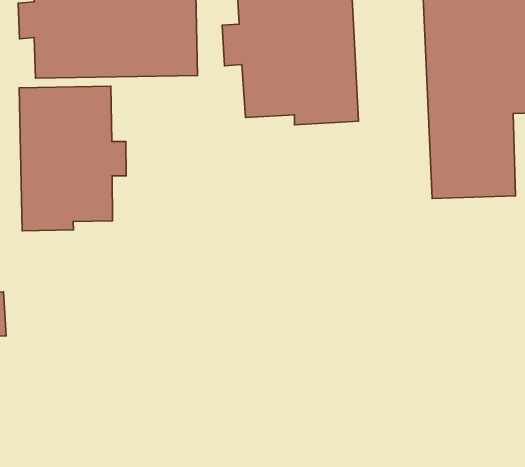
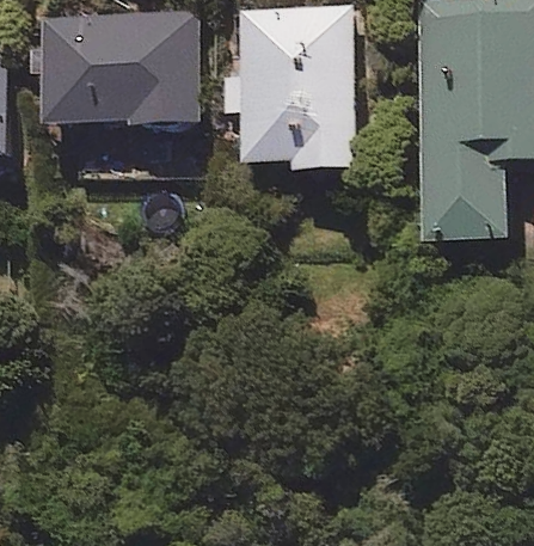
building: [19,86,126,231] -> none

